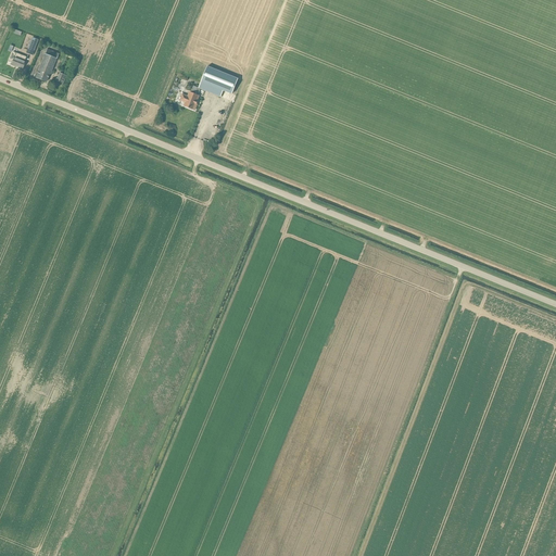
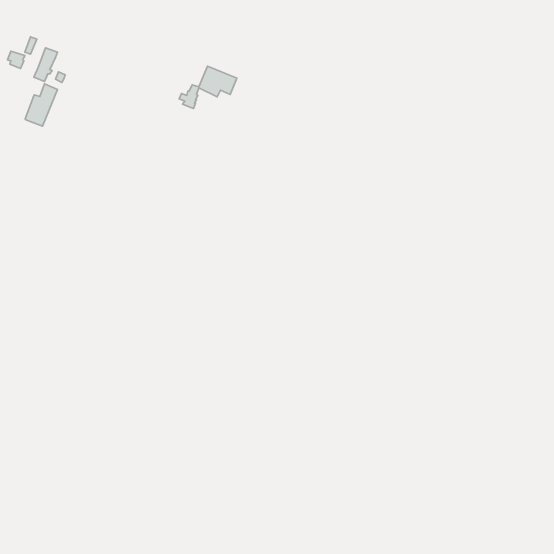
building: none -> [25,84,58,126]

